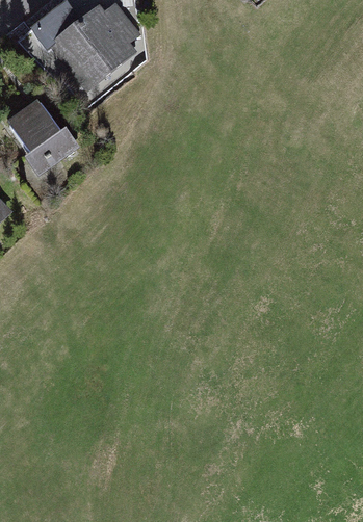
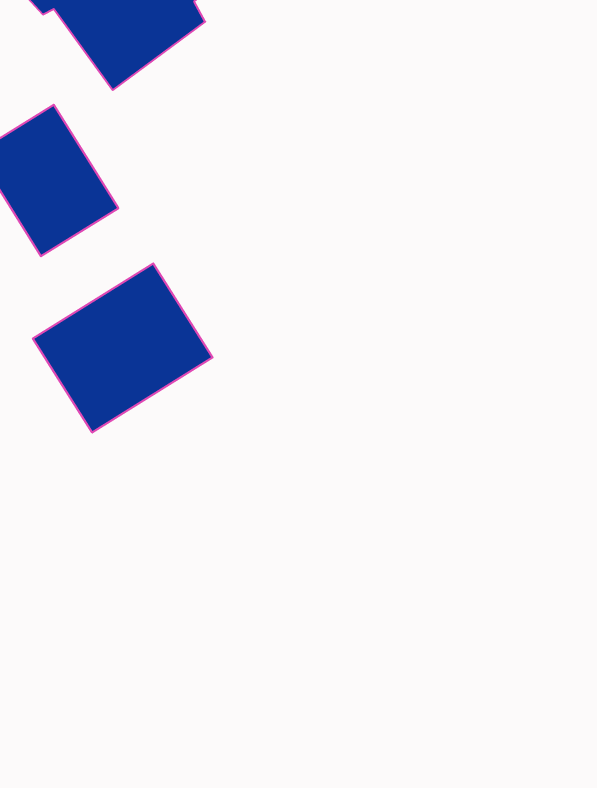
building: none -> [33,263,213,433]

